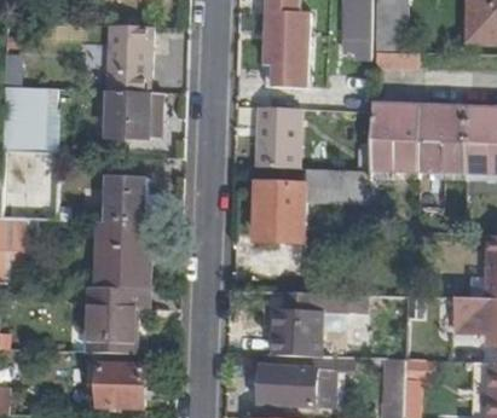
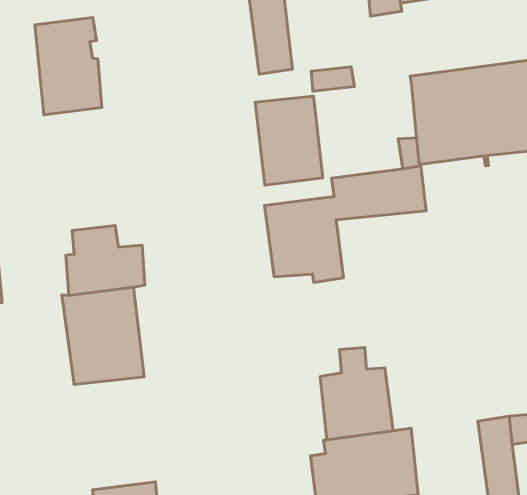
building: [109,92,162,139] -> none
building: [88,288,149,355] -> none

